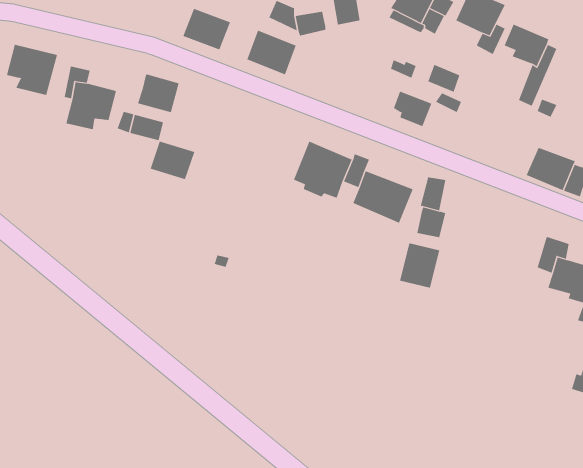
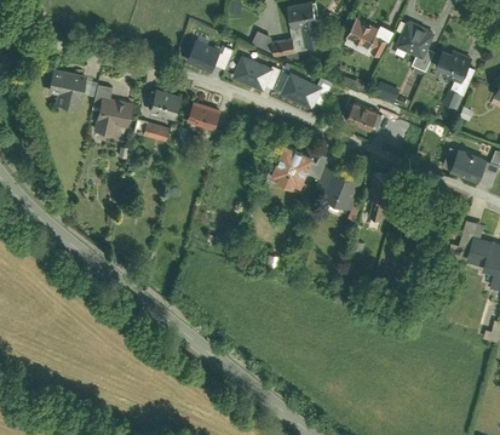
building: none -> [281,71,322,108]
building: [150,141,195,180] -> [186,101,222,131]
building: [399,242,440,288] -> none

